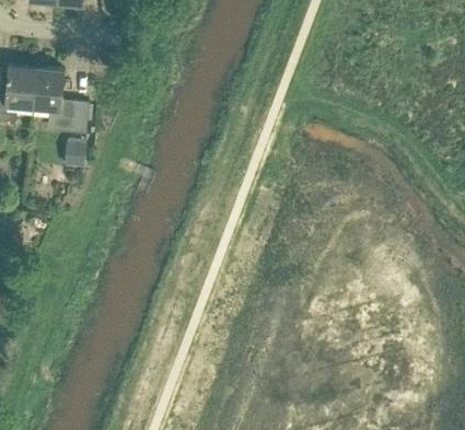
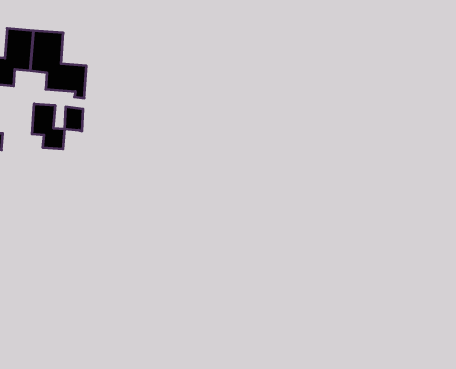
building: none -> [32,104,64,149]

